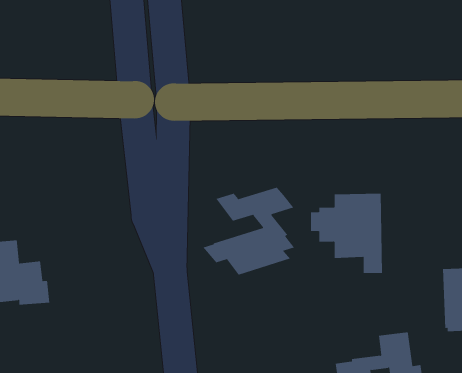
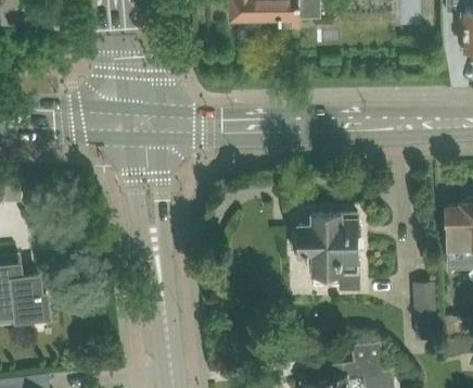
building: [203,187,295,276] -> none

